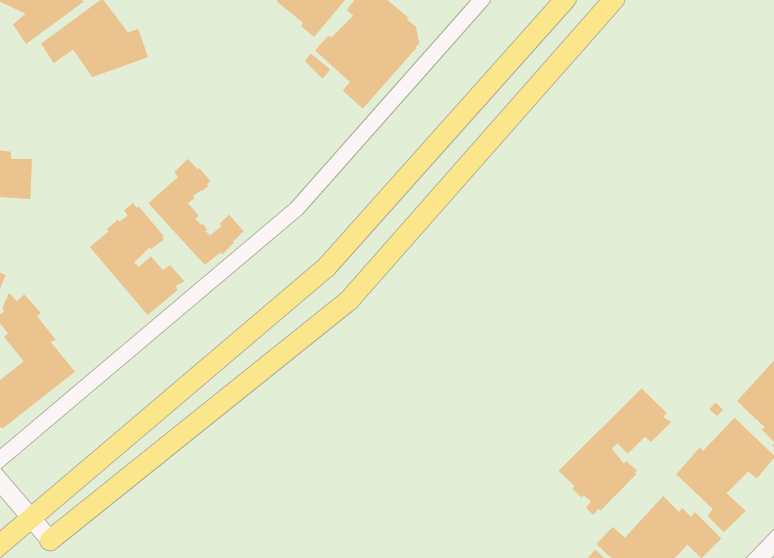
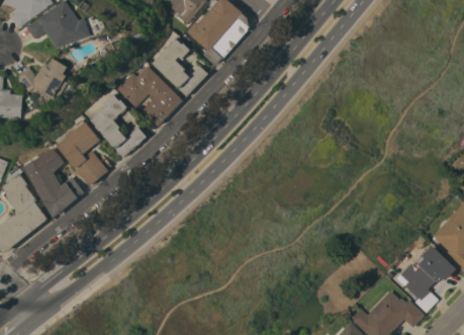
building: none -> [151,38,207,97]
building: none -> [16,58,67,98]
building: none -> [116,66,182,127]
building: none -> [21,148,83,218]
building: [558,387,673,516] -> none

